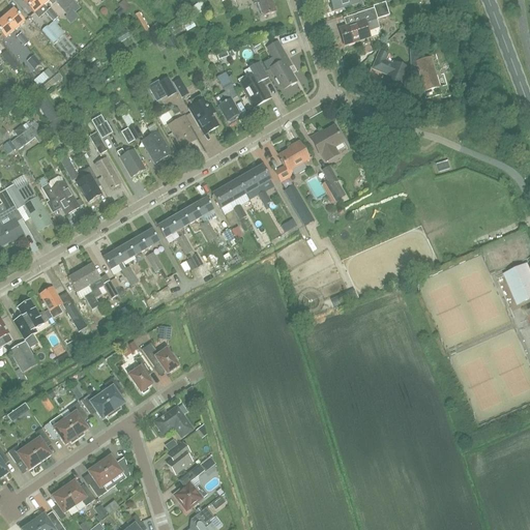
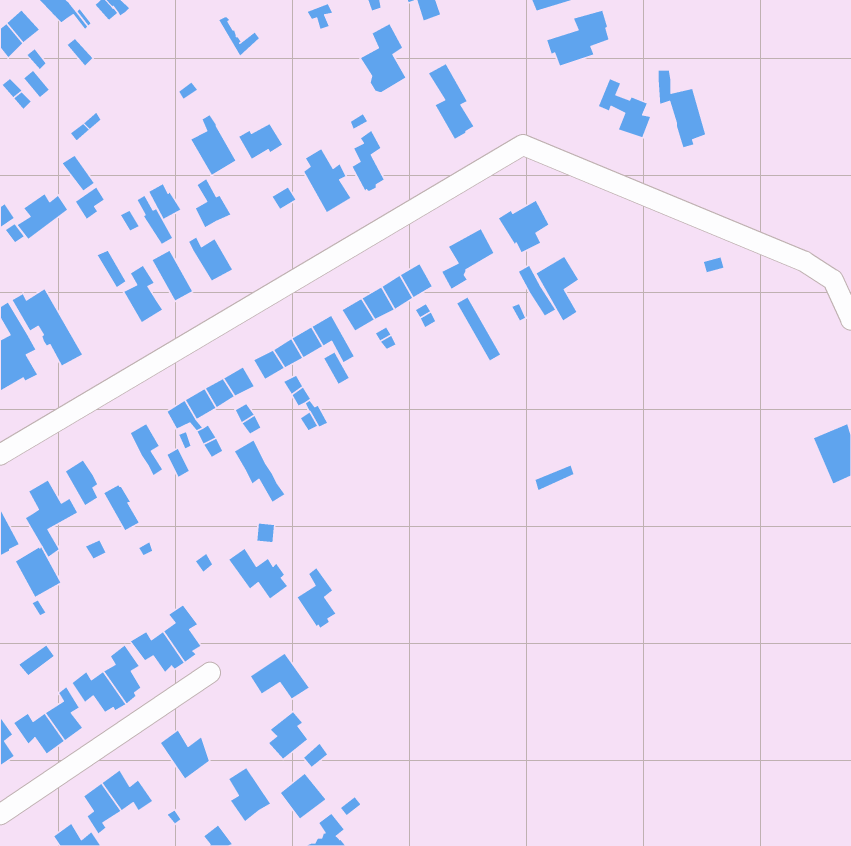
building: [240,60,269,104] -> [360,23,407,93]
building: [141,122,170,160] -> [190,114,237,176]
building: none -> [536,256,579,322]
building: [42,175,80,212] -> none
building: [68,269,100,308] -> [234,439,286,503]
building: [128,354,153,392] -> [296,567,336,629]
building: [88,462,115,496] -> [228,767,271,822]

